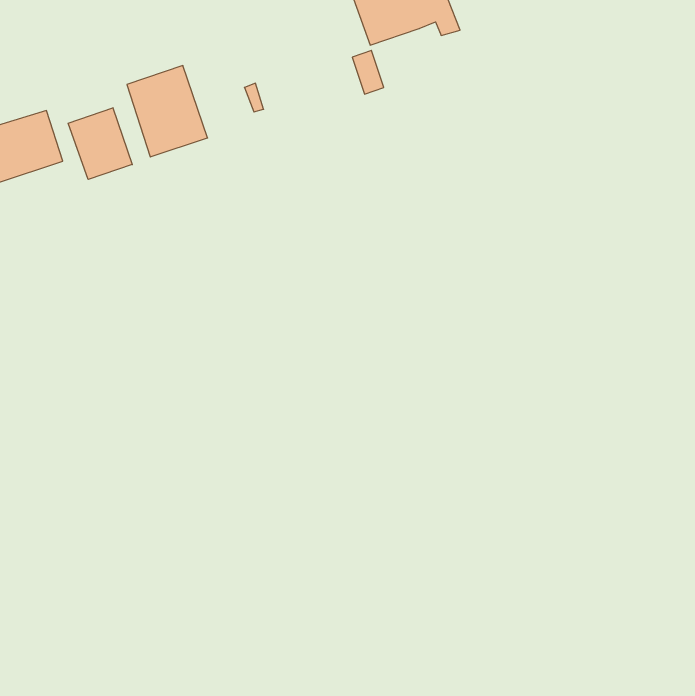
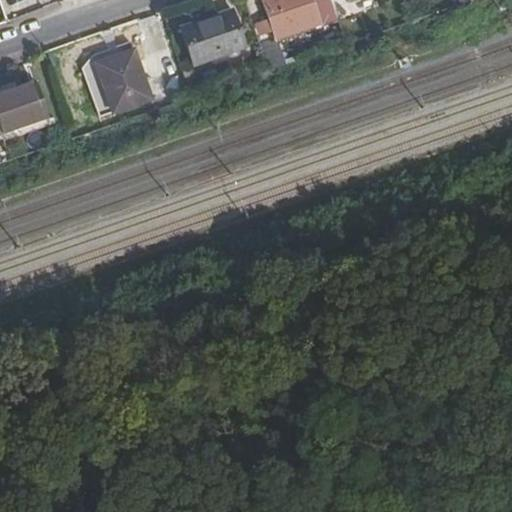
building: none -> [179,11,243,66]
building: [68,108,132,179] -> none

